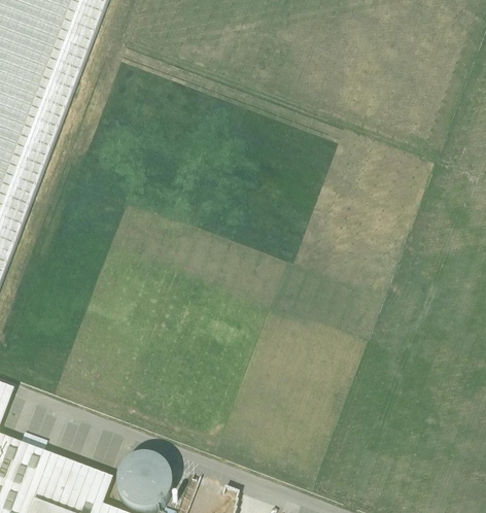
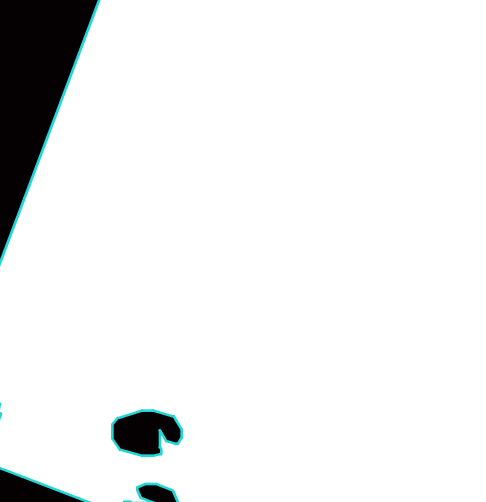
building: none -> [112,410,182,456]

